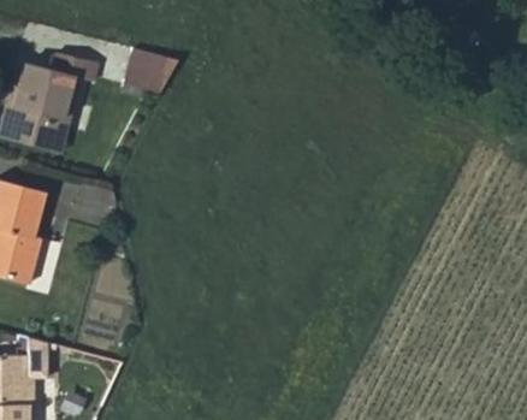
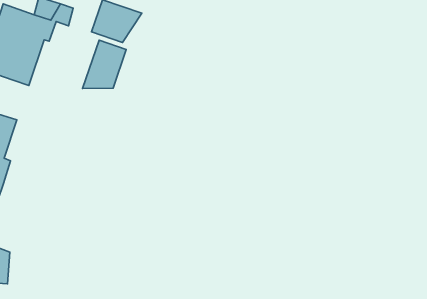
building: none -> [83,40,126,89]

